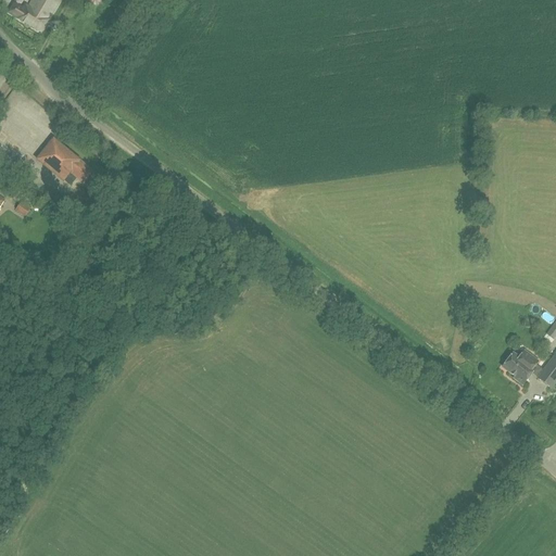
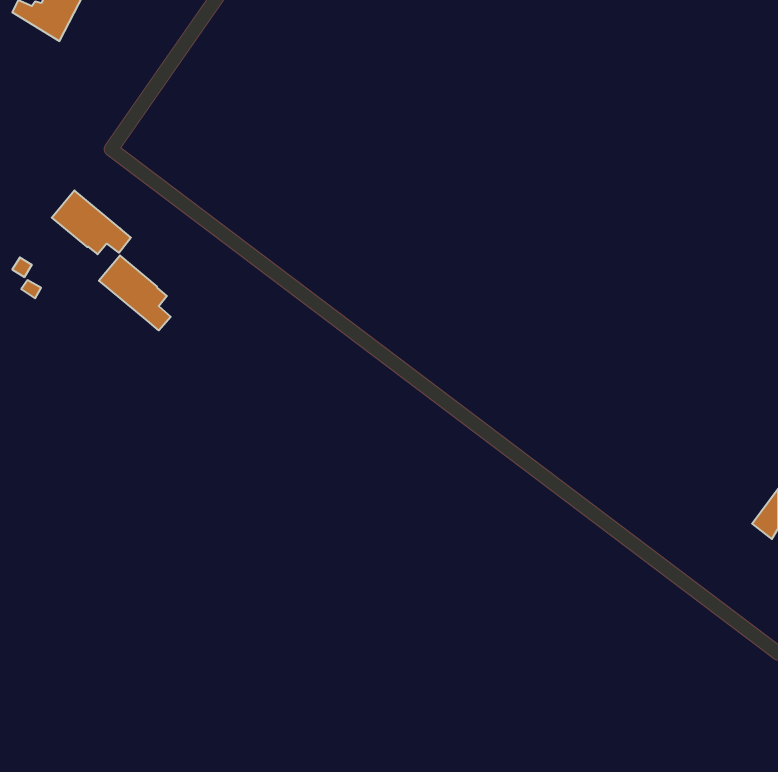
building: none -> [99,255,171,330]
building: [502,350,535,381] -> none

